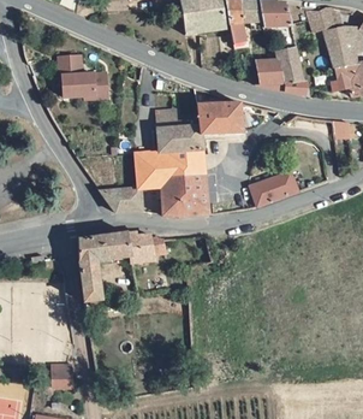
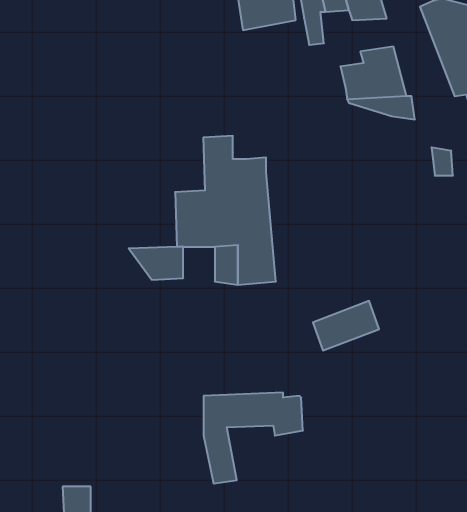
building: [65,58,114,100] -> none
building: [203,106,248,136] -> none
building: [243,167,291,203] -> [313,301,379,351]
building: [87,238,159,305] -> [204,393,303,484]

